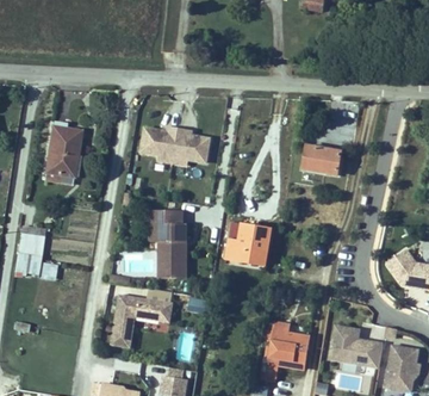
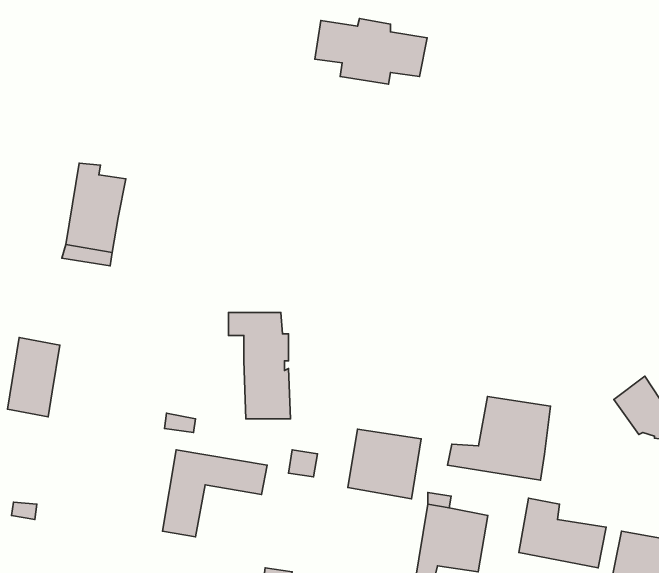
building: [145,123,214,163] -> [315,18,427,84]
building: [304,142,343,172] -> none
building: [226,221,272,264] -> [348,429,421,499]
building: none -> [447,396,551,480]

